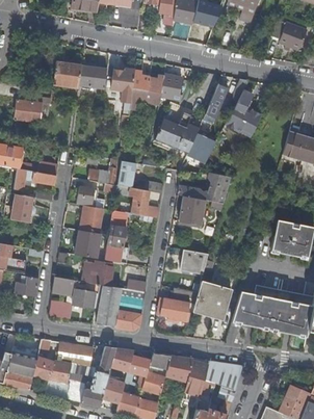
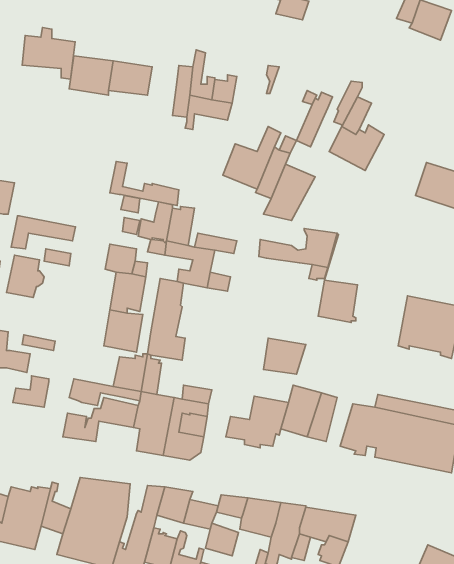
building: [159,74,182,100] -> none
building: [14,95,49,129] -> [22,28,75,79]
building: [11,146,57,175] -> [110,162,179,205]
building: [179,195,205,224] -> [318,280,357,322]

